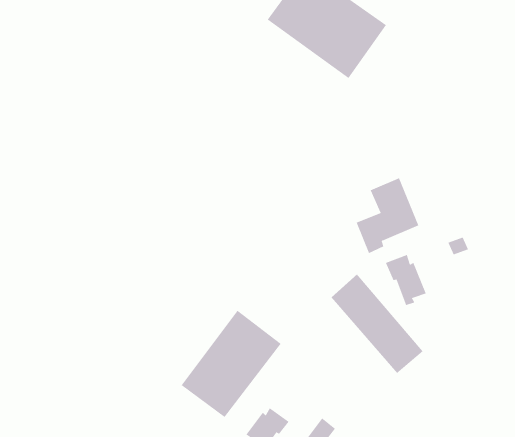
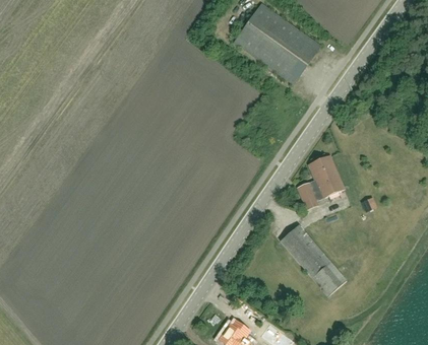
building: [385,254,427,306] -> none
building: [181,310,281,418] -> none

